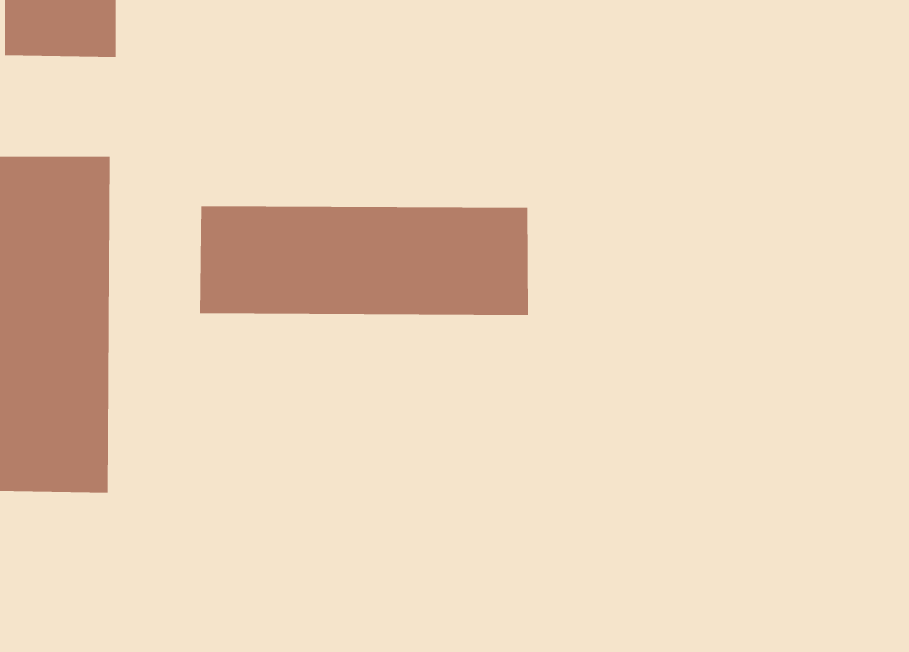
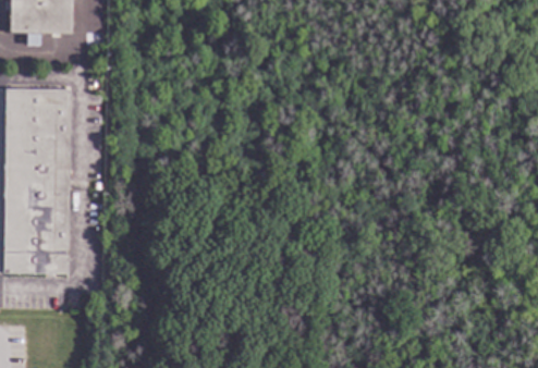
building: [199,205,529,316] -> none

